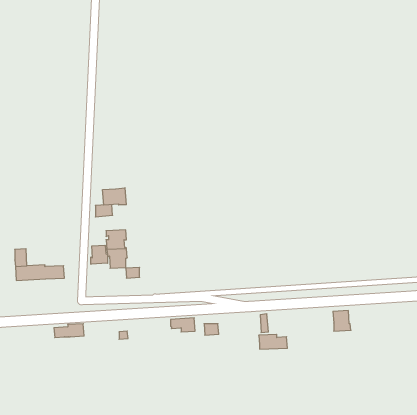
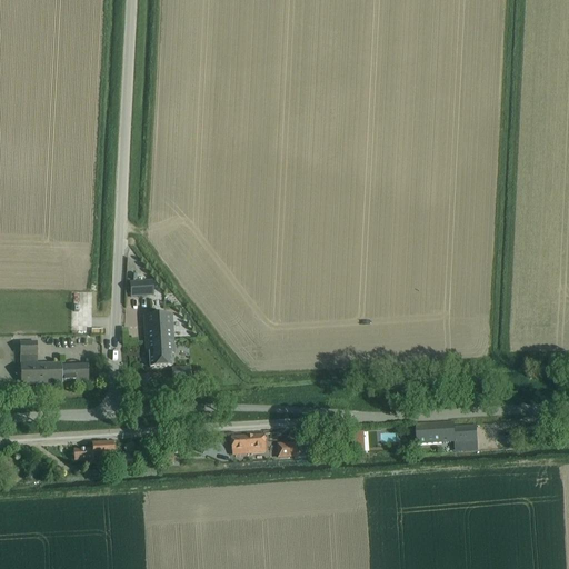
building: [103,188,126,205] -> none
building: [91,245,108,264] -> none
building: [259,334,287,349] -> [416,421,455,441]

